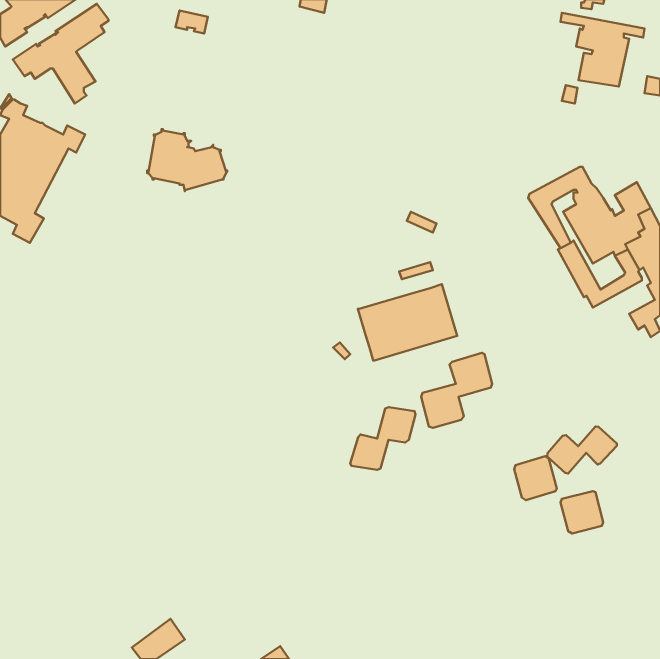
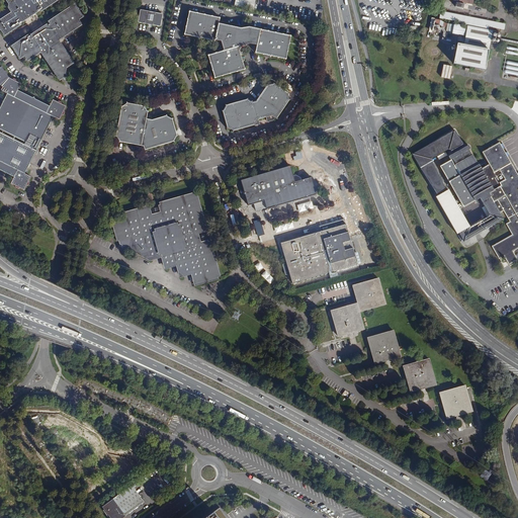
building: none -> [184,10,291,78]
building: none -> [222,81,291,131]
building: none -> [241,165,317,208]
building: none -> [115,194,218,281]
building: [350,407,416,470] -> none
building: none -> [366,330,401,363]
building: [547,426,617,473] -> none

